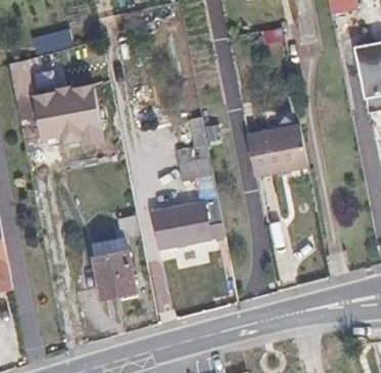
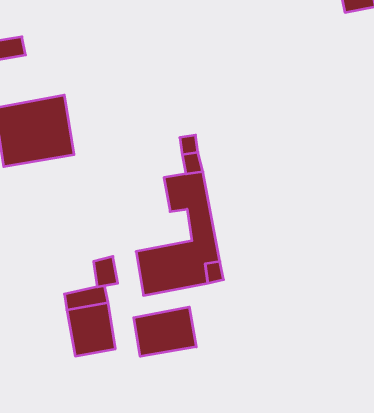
building: [247,121,307,178] -> none
building: none -> [134,307,196,356]

